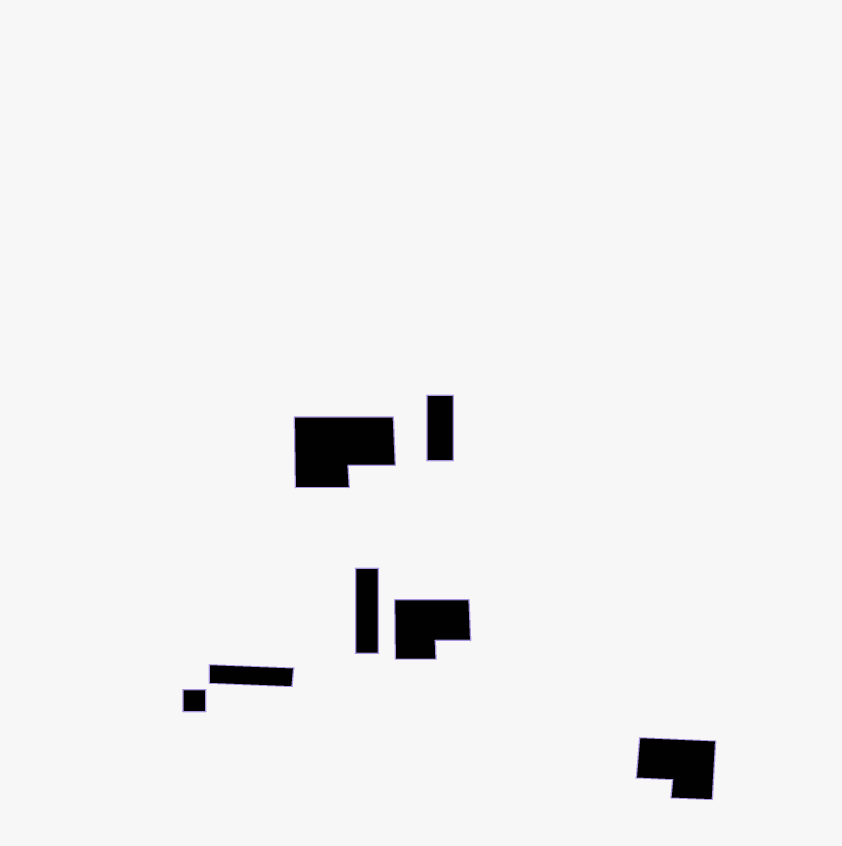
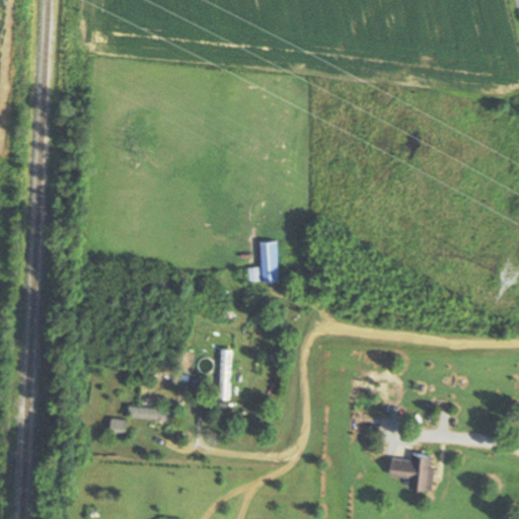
building: [294,417,395,488] -> none
building: [395,600,470,659] -> none

